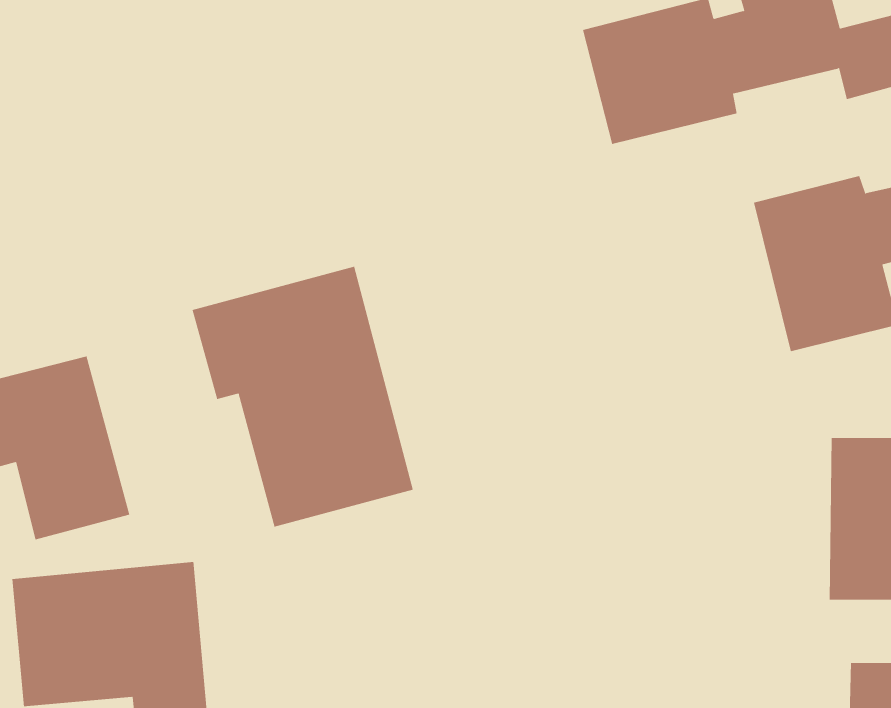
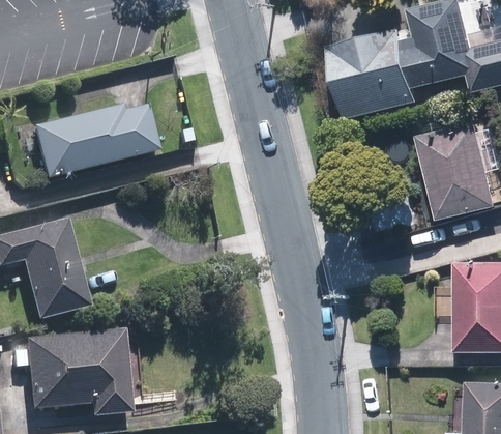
building: none -> [36,107,157,177]
building: [192,266,414,528] -> none

